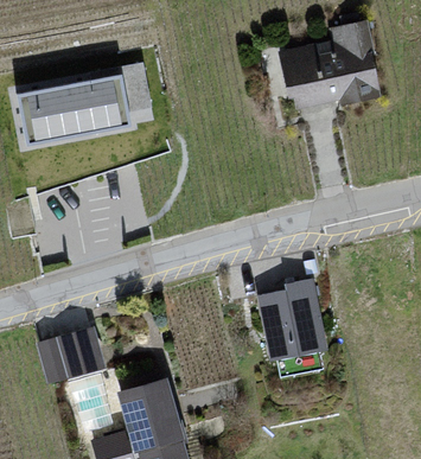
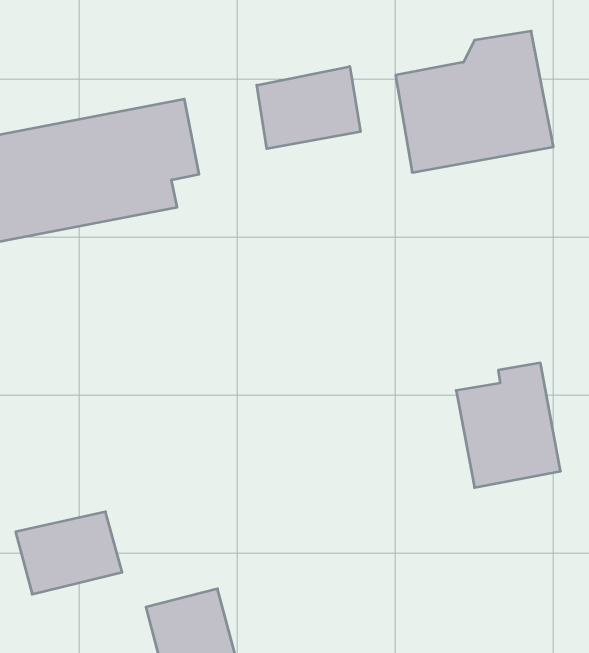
building: none -> [257,66,360,149]
building: [260,278,327,358] -> [456,363,561,488]

